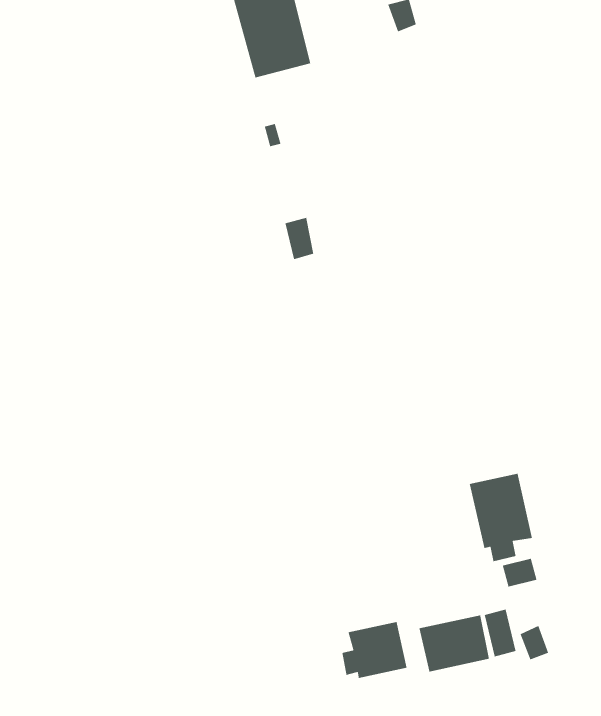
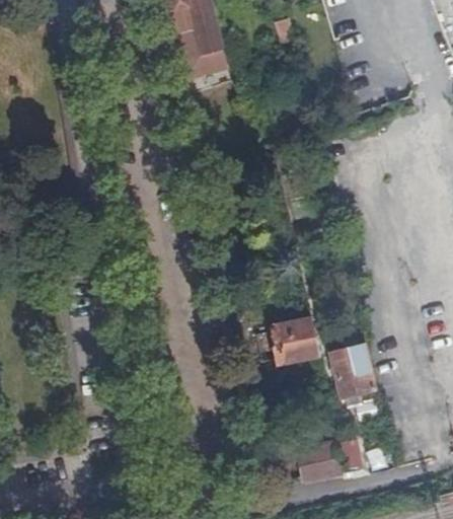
building: none -> [246,315,321,363]
building: [341,621,408,679] -> none

